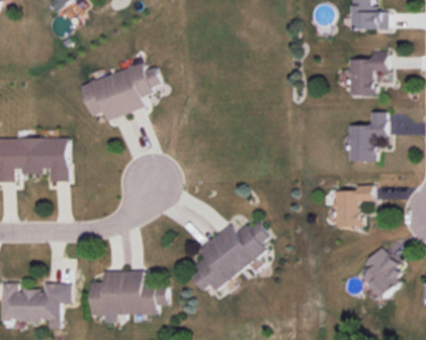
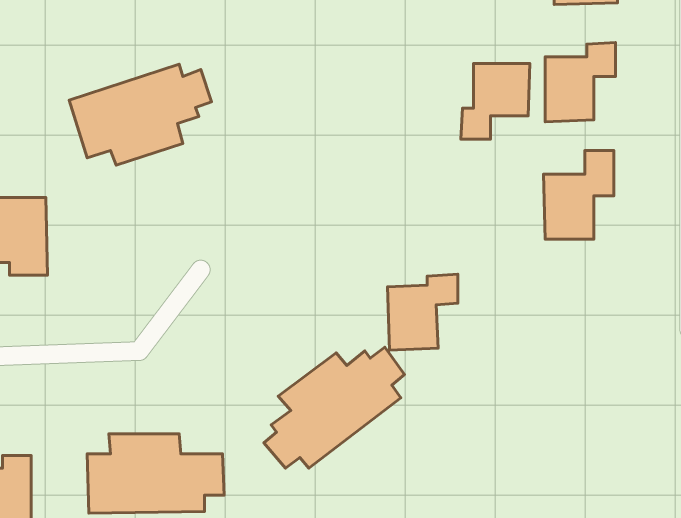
building: none -> [461,64,530,139]
building: [333,184,372,227] -> [388,274,458,350]
building: [361,246,402,300] -> none

